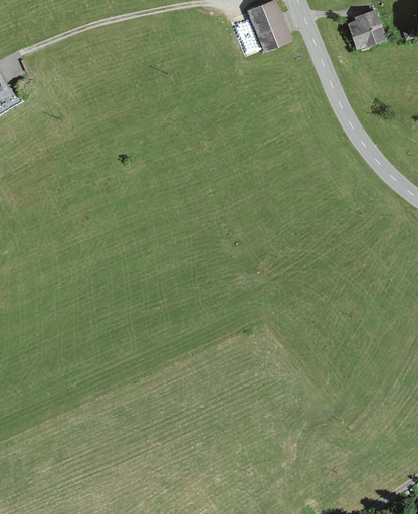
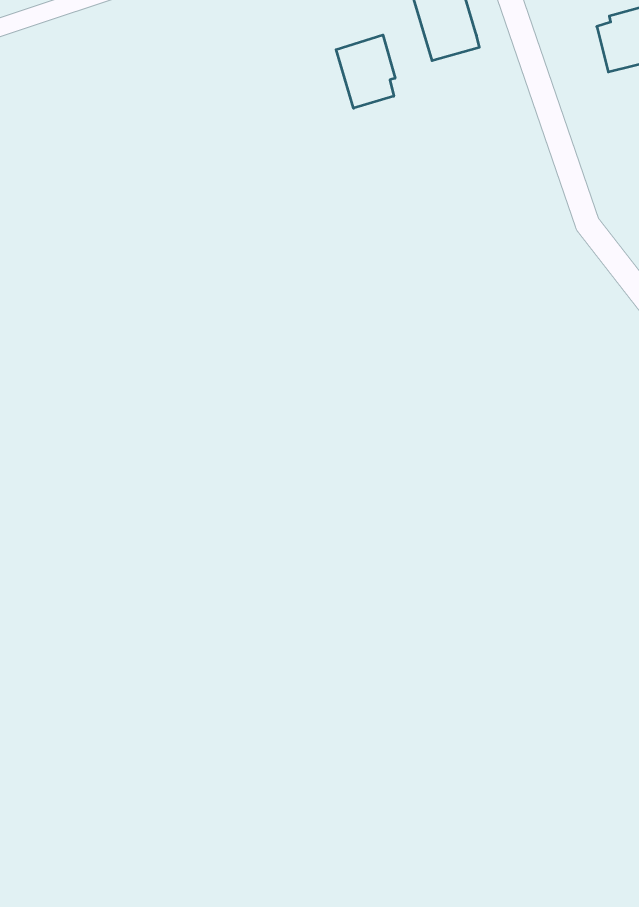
building: none -> [336,35,395,108]

